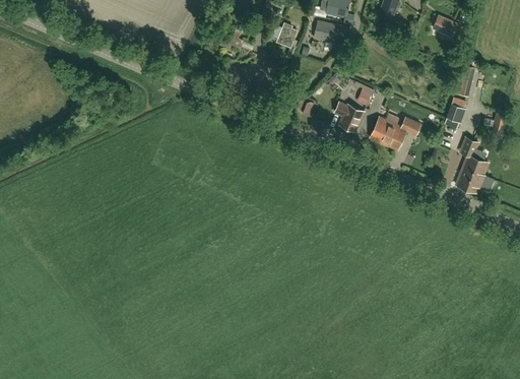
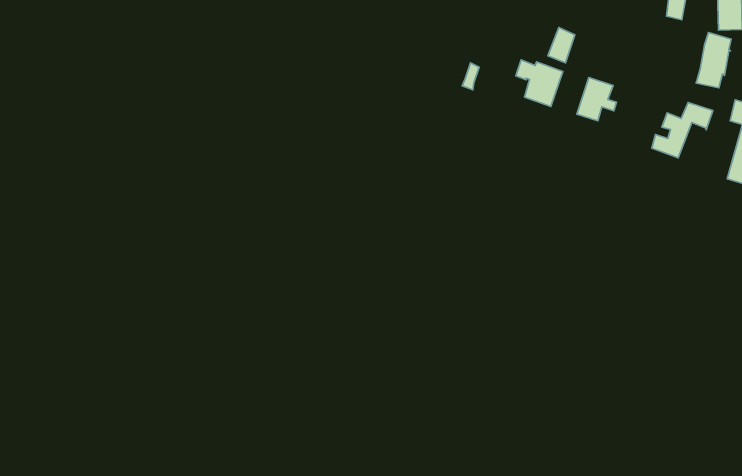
building: [382,118,420,150] -> [652,102,713,158]

